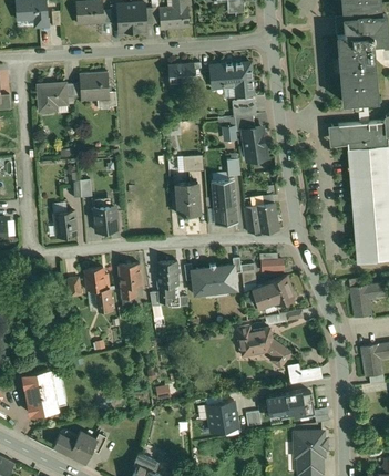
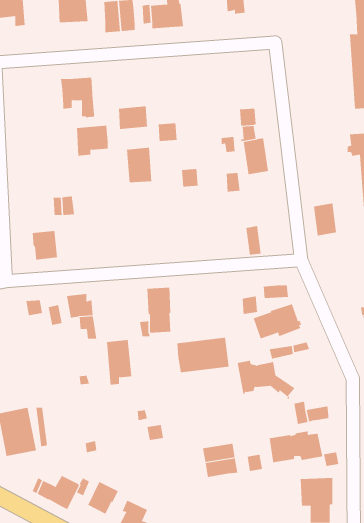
building: [209,64,253,96] -> none
building: [168,65,195,86] -> [118,106,148,129]
building: [38,85,66,113] -> [76,125,108,156]
building: [211,180,237,225] -> none
building: [176,184,199,216] -> [126,147,152,183]
building: [255,204,277,234] -> [312,203,337,236]
building: [93,206,117,234] -> none
building: [119,263,142,304] -> [106,340,132,385]
building: [191,263,238,296] -> [176,337,229,373]
building: none -> [87,481,118,514]

